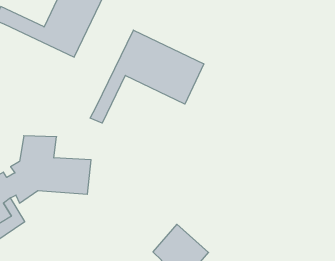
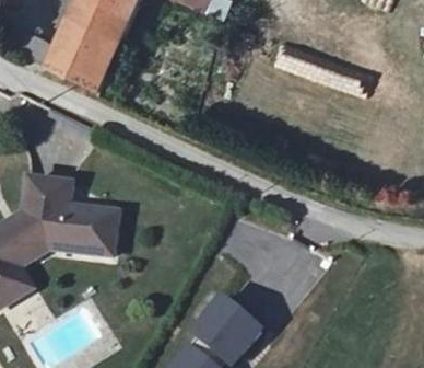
building: [90,30,204,123] -> none

